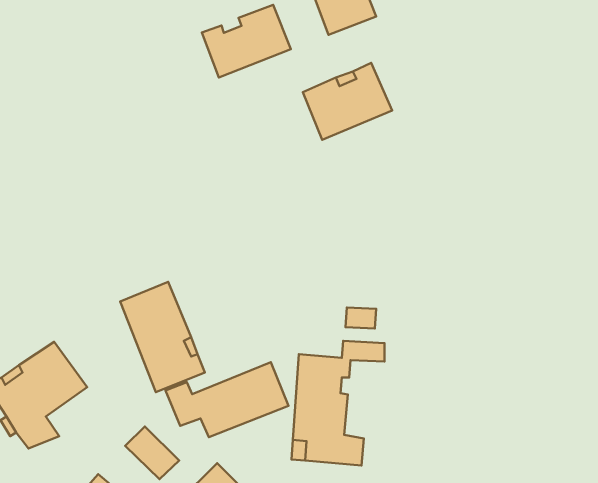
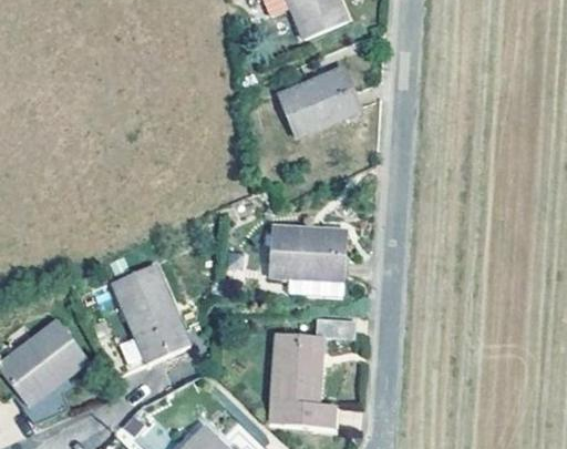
building: [202,5,291,77] -> none
building: none -> [268,225,346,279]
building: [165,362,289,437] -> none

